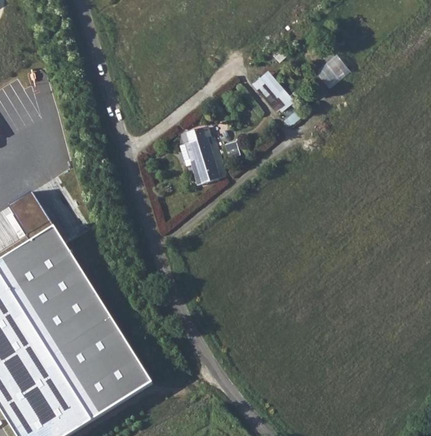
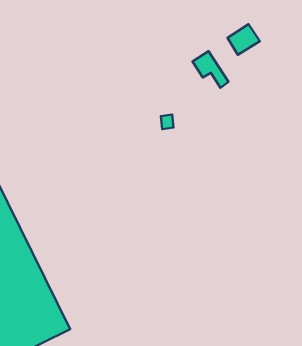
building: [316,51,351,85] -> [227,24,260,55]
building: [181,124,218,183] -> none

